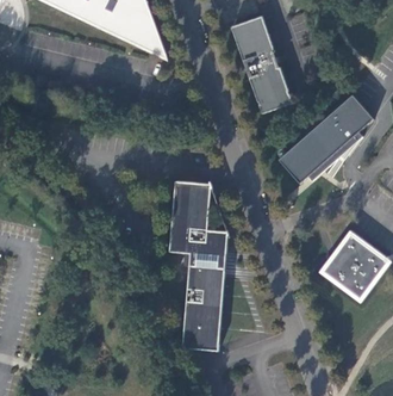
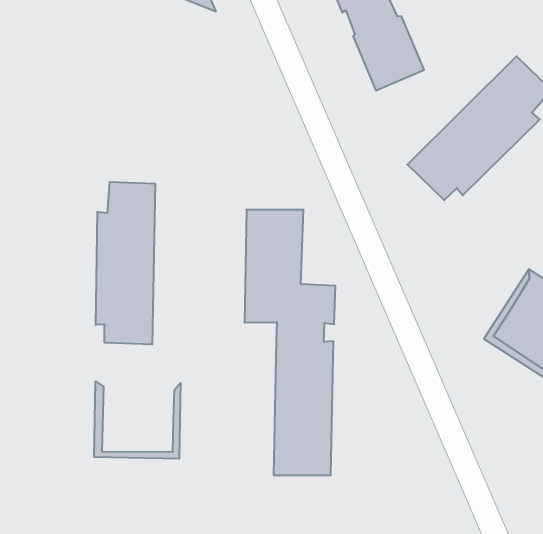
building: none -> [96,182,155,345]
building: none -> [94,381,181,459]

